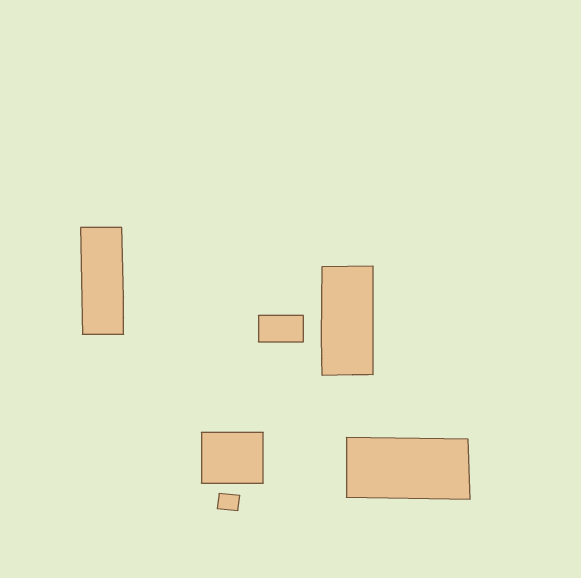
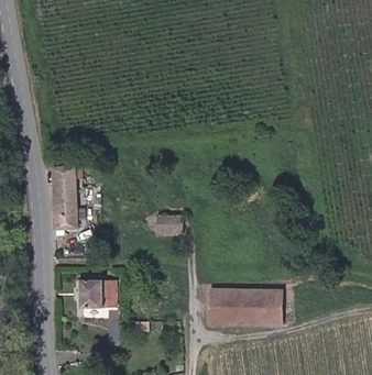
building: [321,266,373,375] -> none
building: [201,432,263,483] -> [80,279,117,309]

